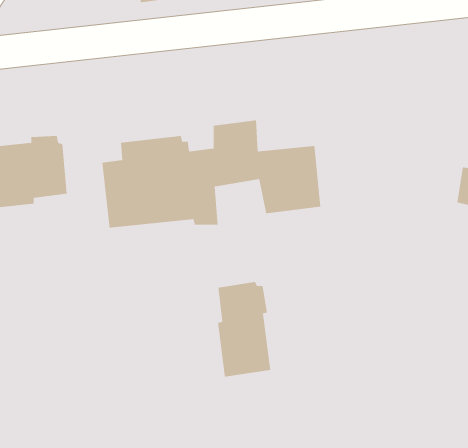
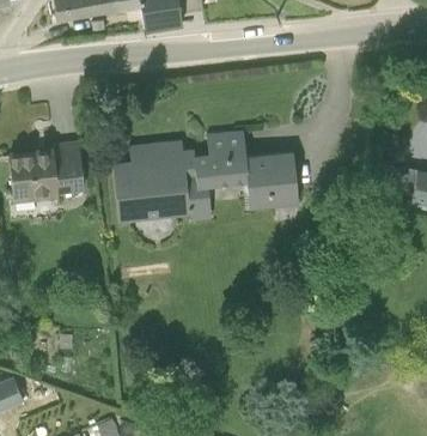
building: [218,281,271,377] -> none

